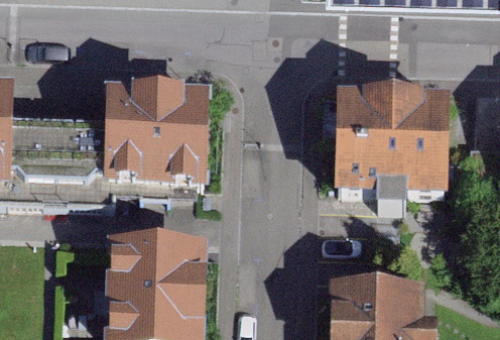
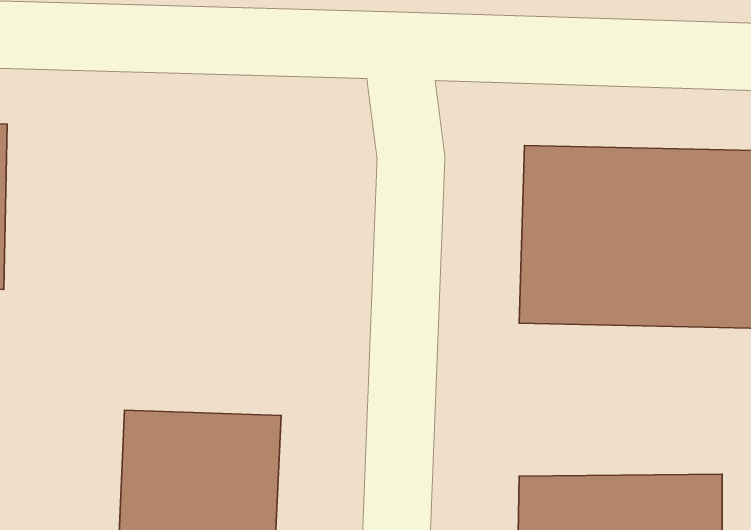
building: [99,82,206,186] -> none

